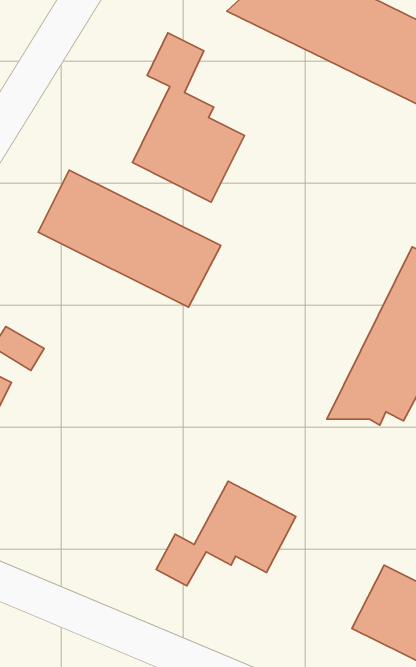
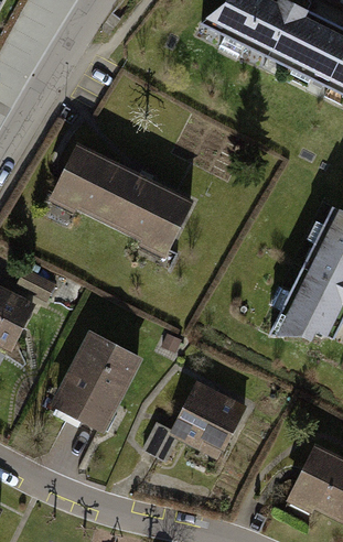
building: [132,33,245,202] -> none
building: none -> [55,336,140,432]

